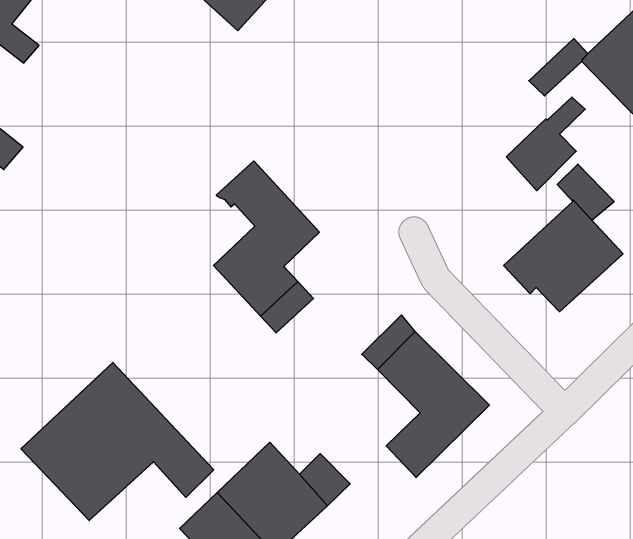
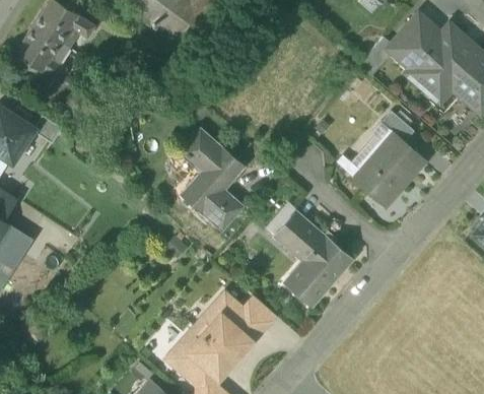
building: [506,97,585,191] -> none
building: [21,362,214,521] -> none

